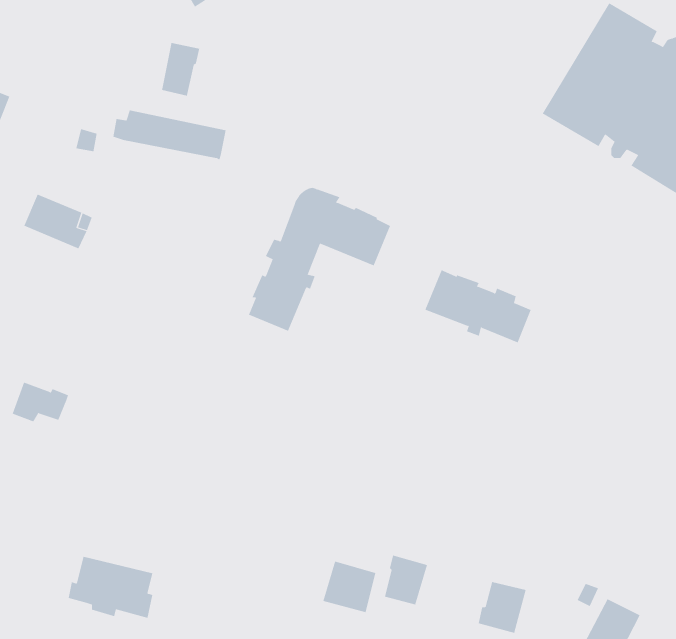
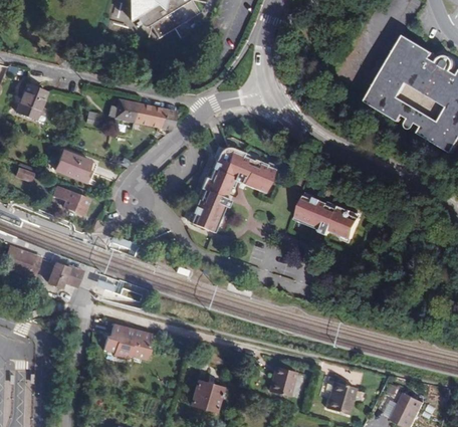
building: [161,42,200,97] -> none
building: none -> [53,186,89,214]
building: [68,556,153,618] -> [103,324,155,361]
building: [323,561,376,613] -> [191,380,223,411]

